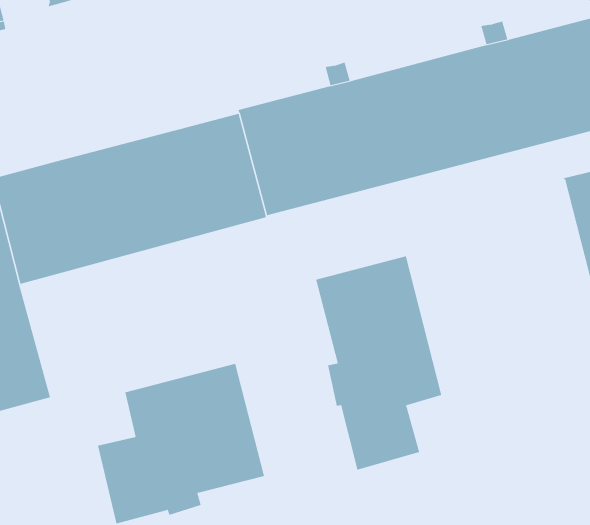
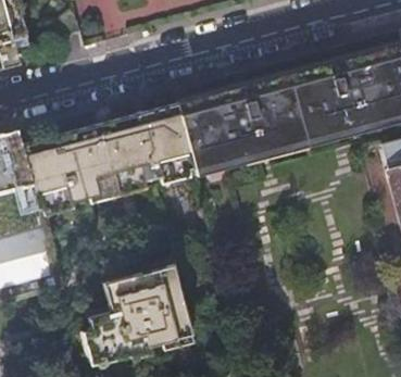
building: [316,256,442,470] -> none

